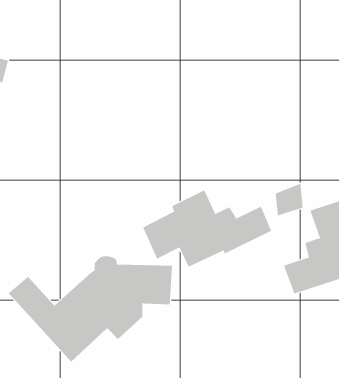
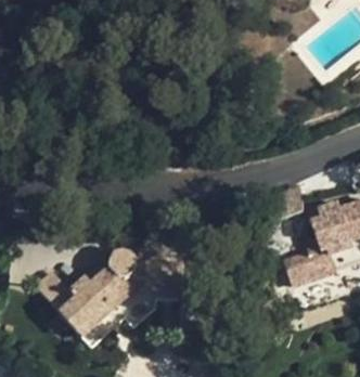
building: [142,190,272,267] -> none

